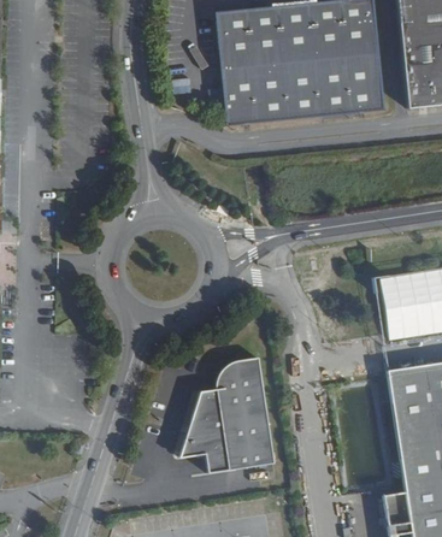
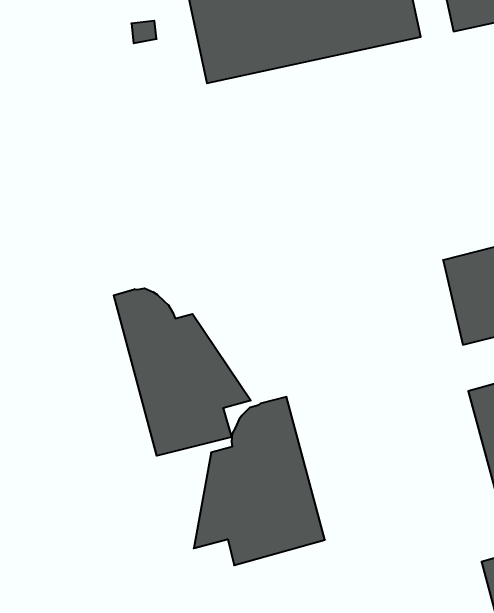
building: none -> [114,288,251,456]

